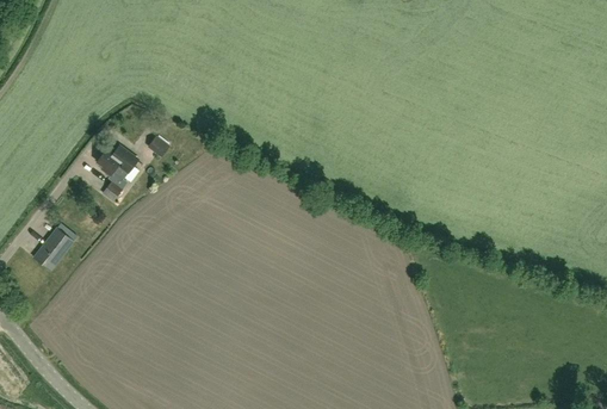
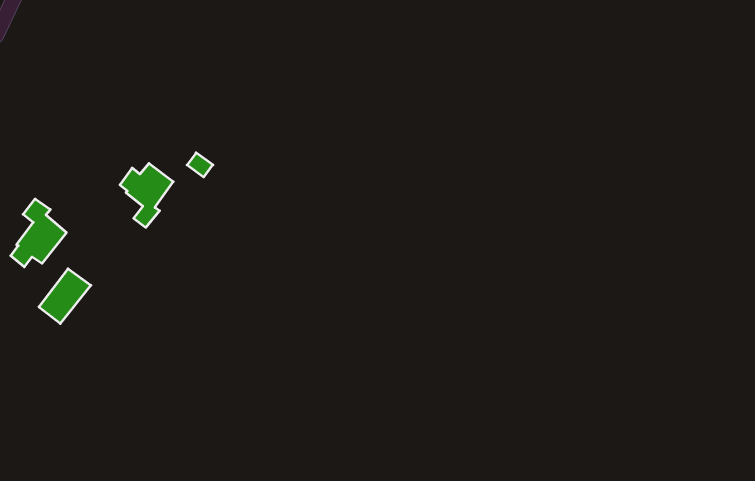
building: none -> [11,199,66,267]

